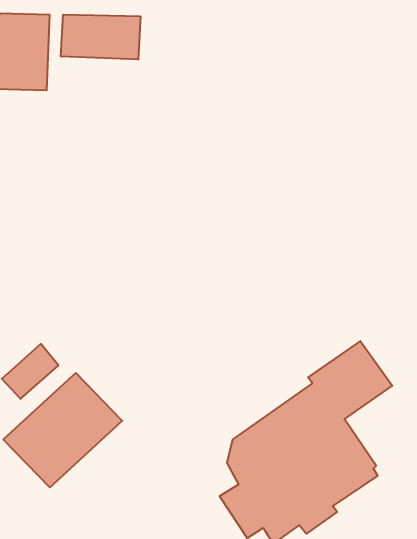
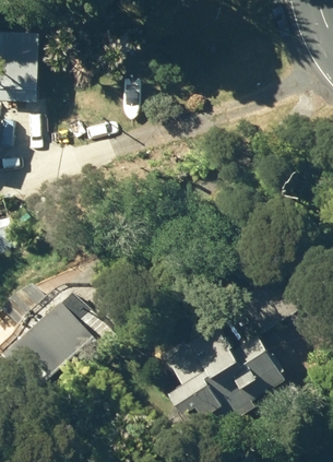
building: [61,15,140,60] -> none

